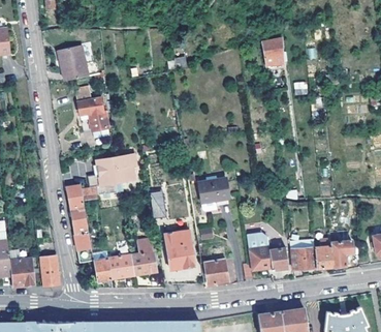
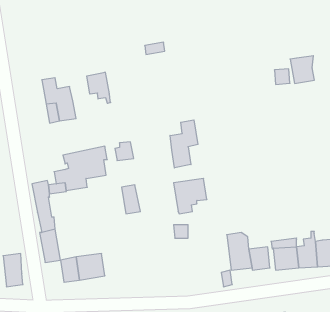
building: [260,39,283,65] -> [290,56,314,83]
building: [56,43,88,80] -> none
building: none -> [87,72,111,103]
building: none -> [170,120,198,168]
building: [165,231,193,269] -> none
building: [130,238,156,275] -> none
building: [204,260,228,284] -> none

